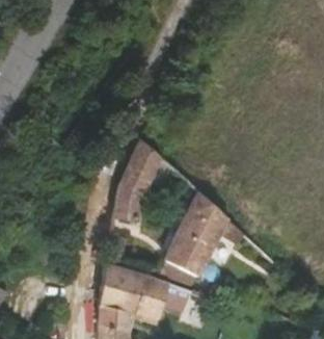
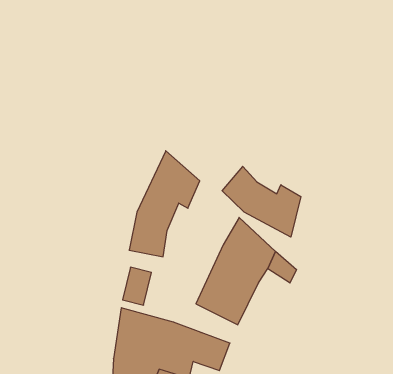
building: none -> [222,166,301,237]

